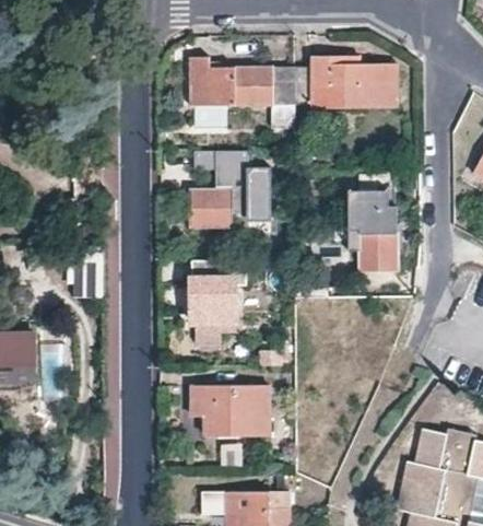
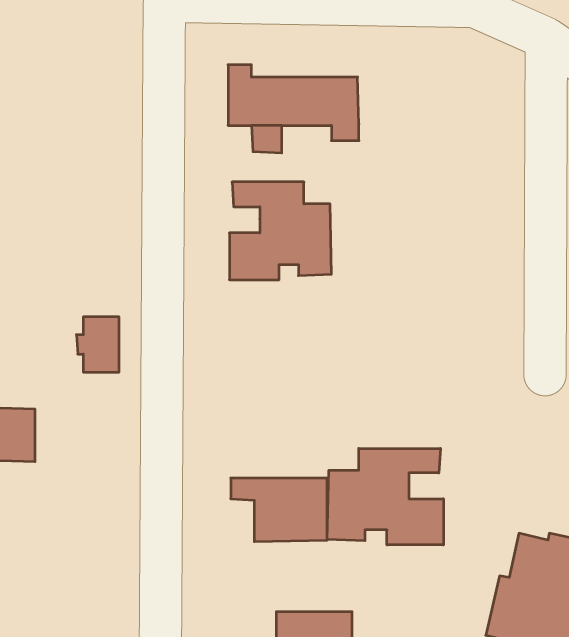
building: [293,58,398,107] -> none
building: [349,178,398,273] -> none
building: [191,259,247,342] -> none
building: none -> [327,448,443,545]

